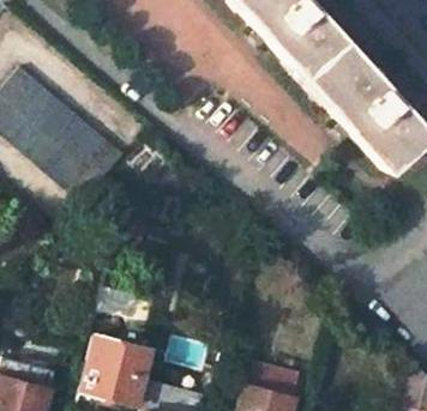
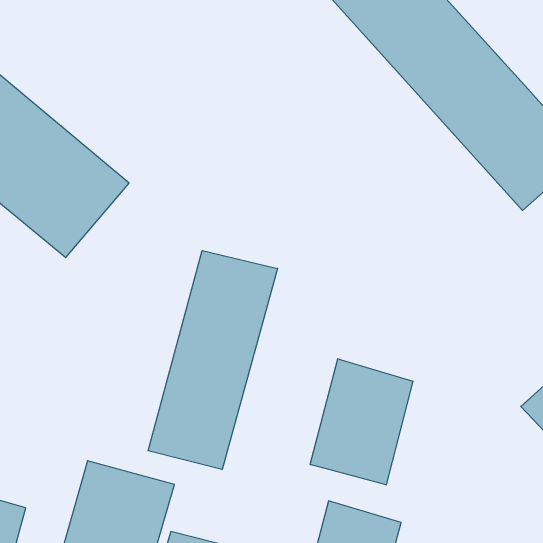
building: none -> [148,251,278,470]
building: none -> [310,359,413,485]

